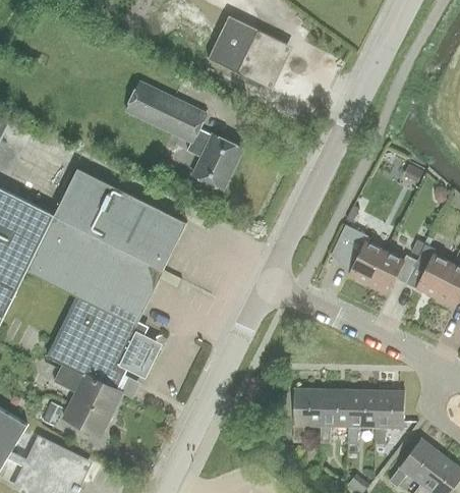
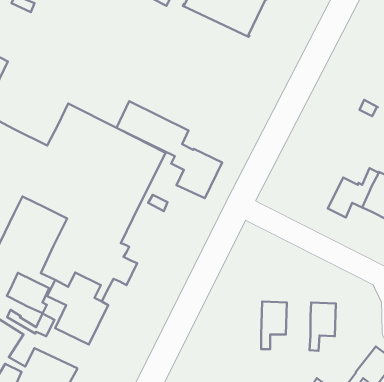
building: [125,80,243,188] -> [117,101,222,198]
building: [331,225,385,284] -> none
building: none -> [7,273,49,313]
building: [320,389,349,442] -> none
building: [375,390,404,443] -> none

